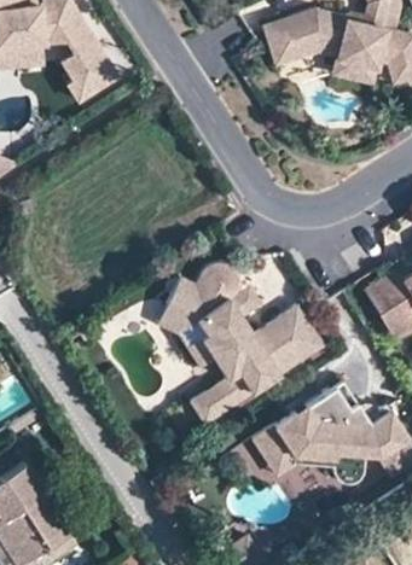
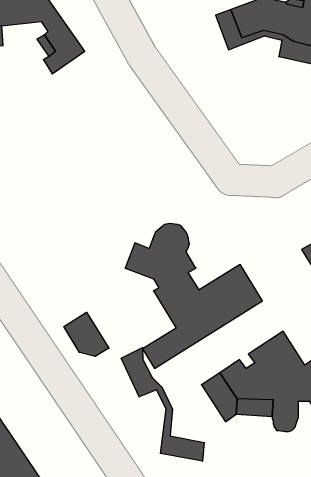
building: none -> [64,312,109,356]
building: none -> [121,348,204,461]

